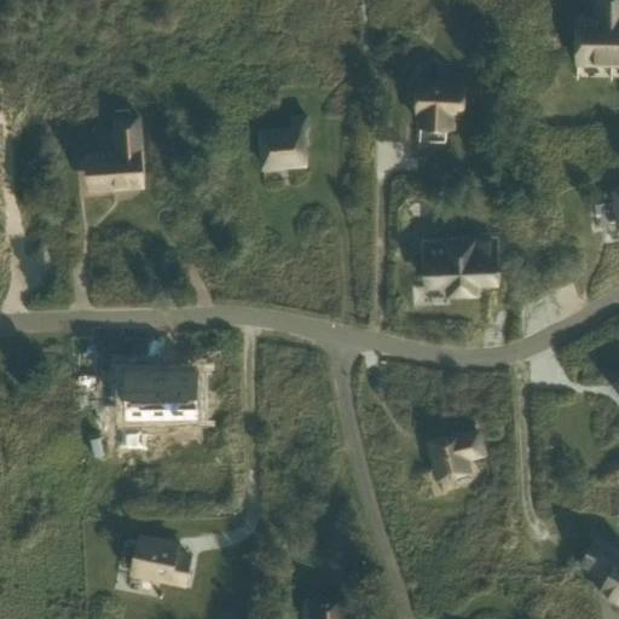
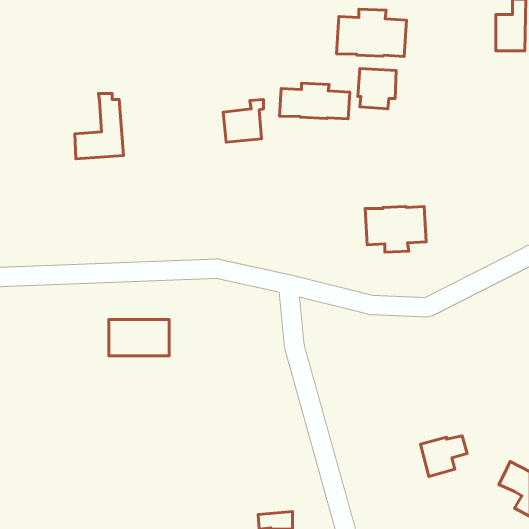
building: none -> [337,9,406,56]
building: none -> [280,83,350,119]
building: [430,432,485,479] -> [421,436,467,476]
building: [121,538,191,580] -> none

